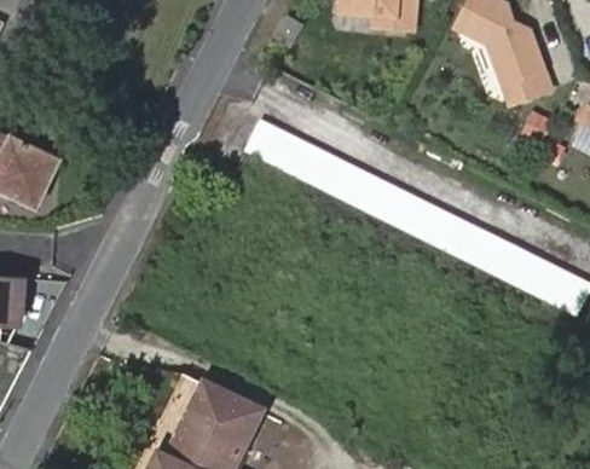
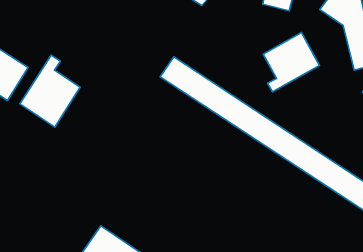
building: none -> [263,32,319,92]
building: none -> [20,55,80,127]

